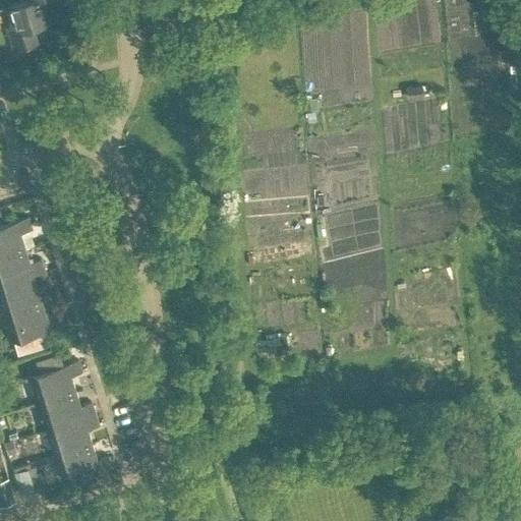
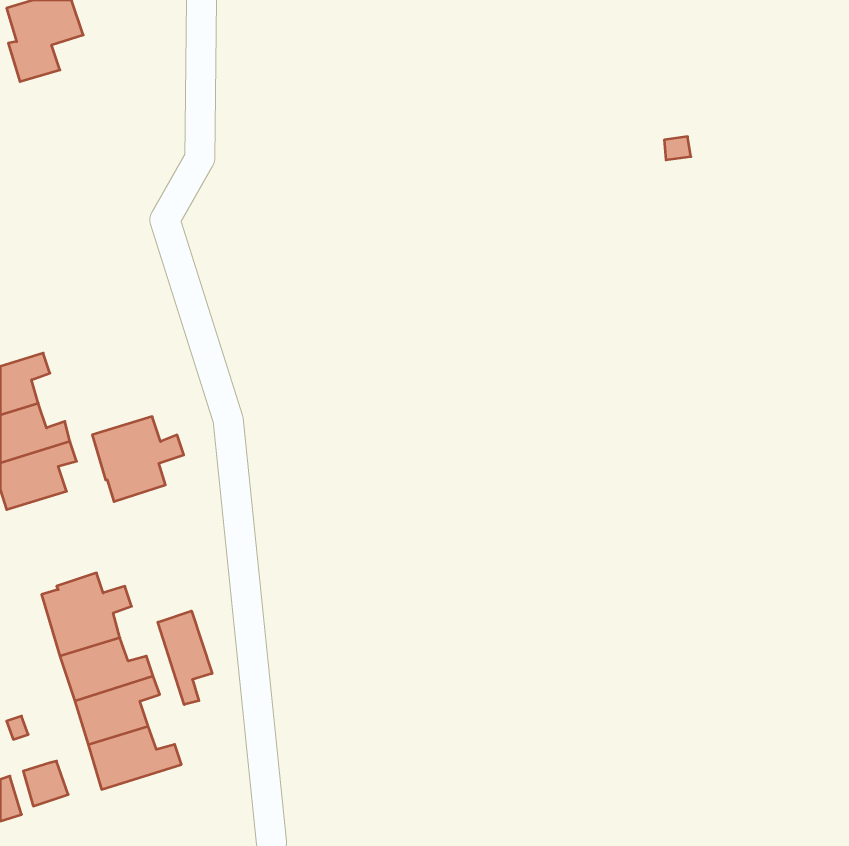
building: [5,303,61,355] -> [92,417,184,502]
building: none -> [158,611,212,705]

